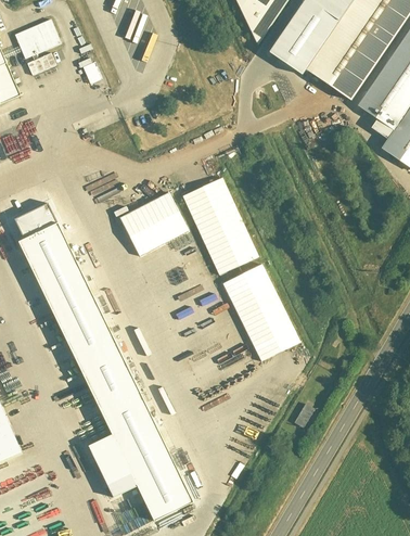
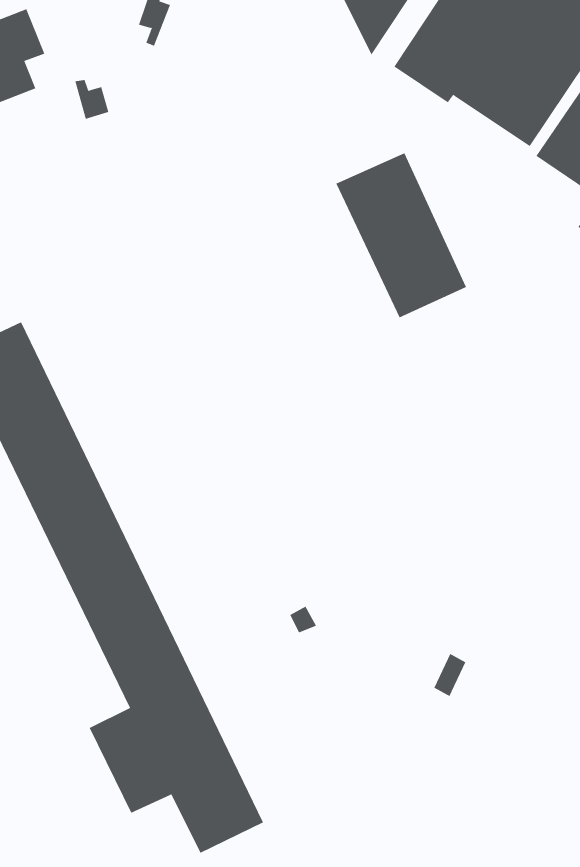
building: [179,177,257,276] -> [336,153,467,318]
building: [120,193,188,255] -> none
building: [222,265,299,361] -> none

